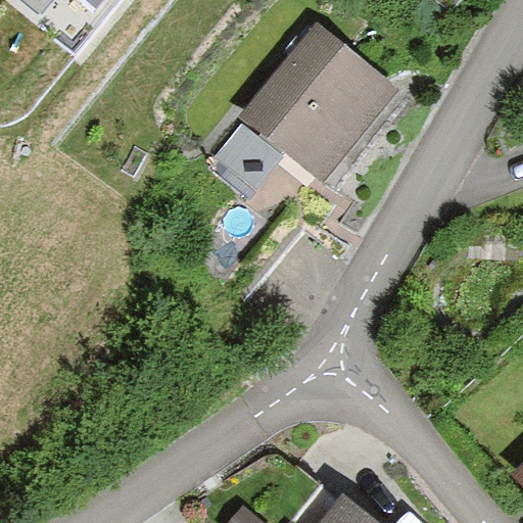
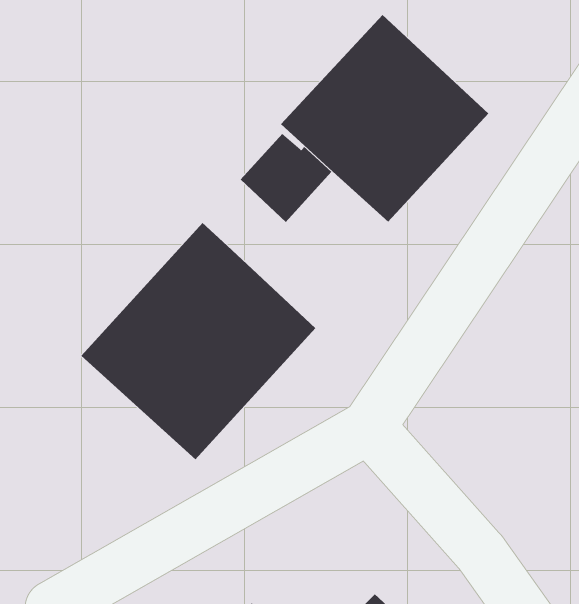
building: none -> [81,222,316,460]

